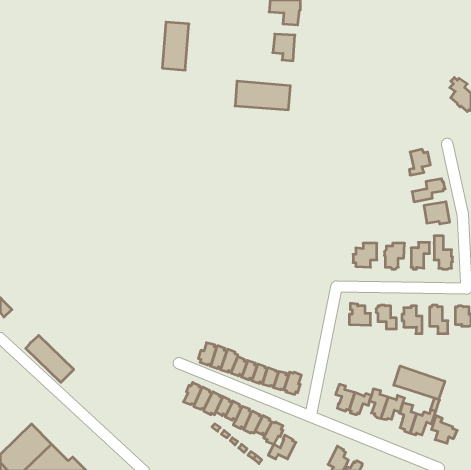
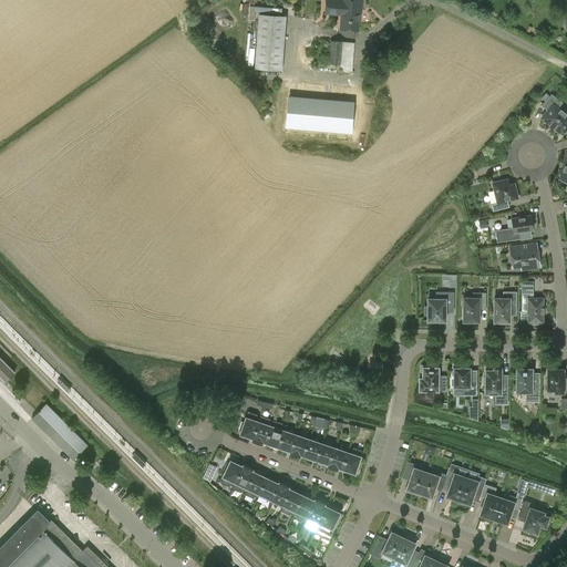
building: [162,22,189,70] -> [254,14,286,72]
building: [394,366,445,400] -> none
building: [268,435,296,459] -> [371,530,404,559]

